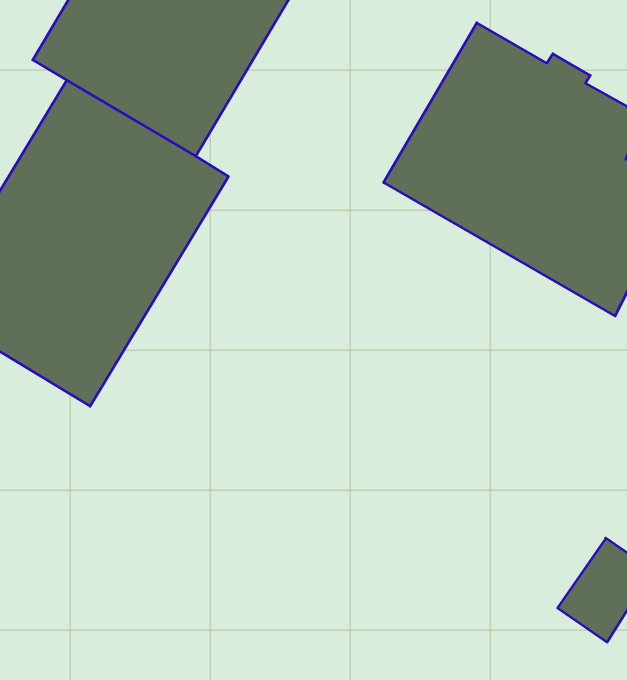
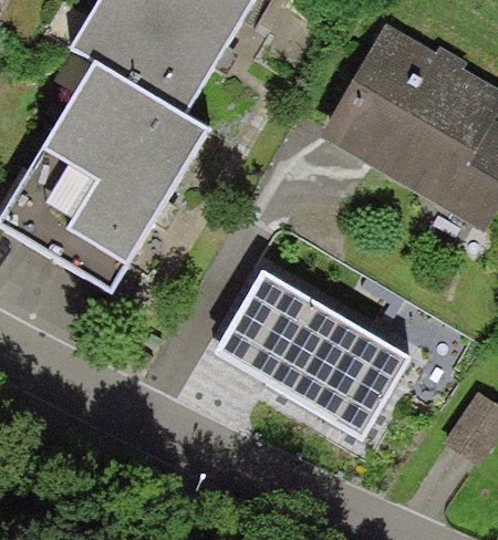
building: none -> [215,270,411,438]

